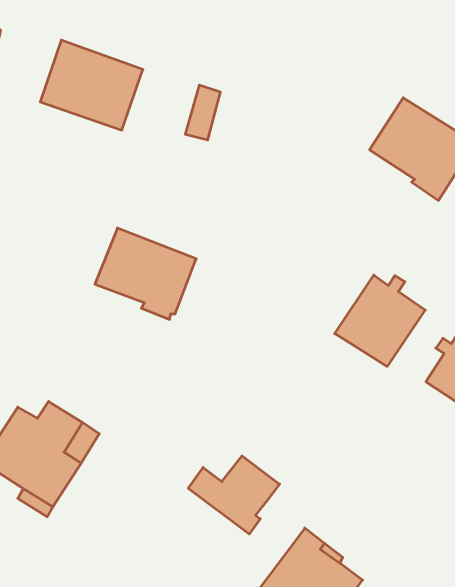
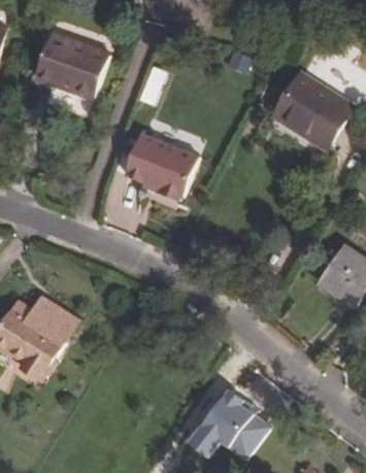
building: [95,228,196,319] -> [125,130,199,197]
building: [335,275,425,366] -> none
building: [188,456,280,534] -> none

